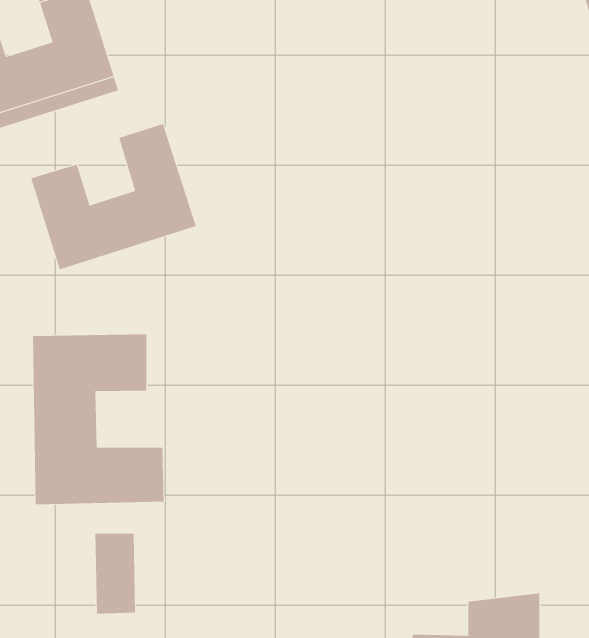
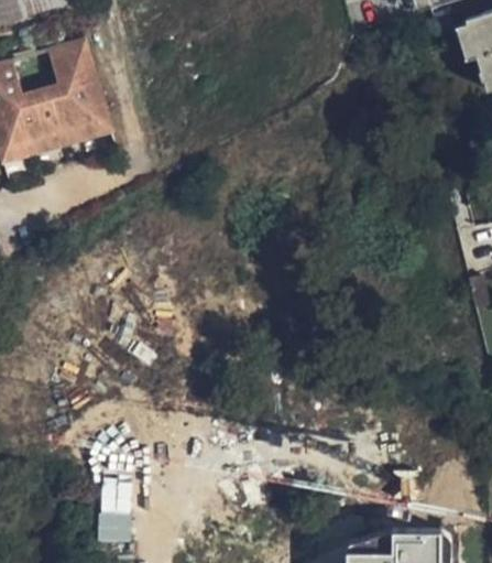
building: [30,123,197,270] -> none
building: [32,334,164,505] -> none

